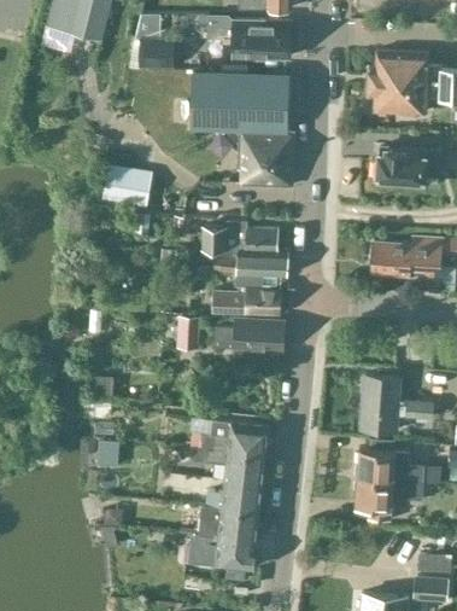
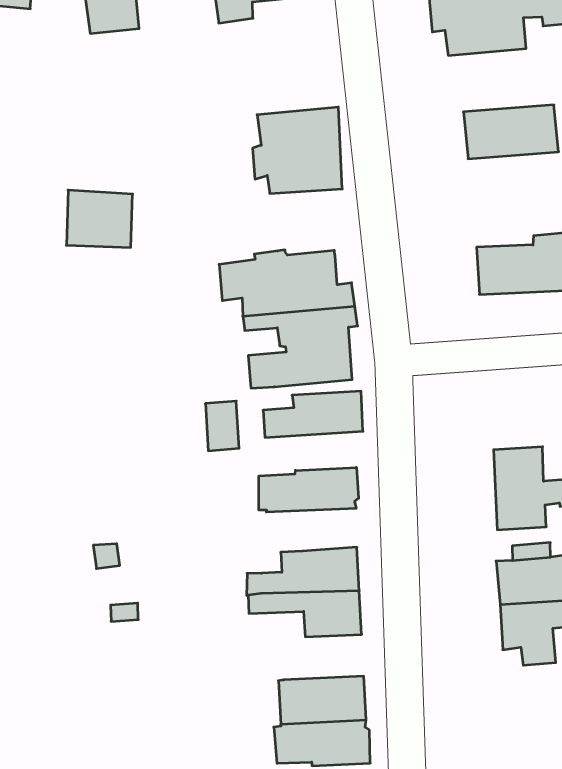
building: [191,72,289,130] -> none
building: none -> [259,467,359,512]
building: [206,481,262,512] -> none

